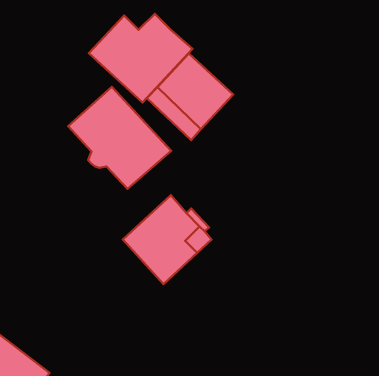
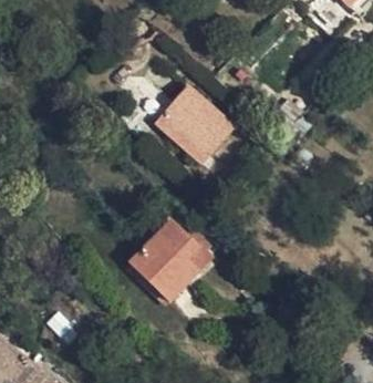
building: [89,14,192,103] -> none
building: [68,87,171,189] -> none

